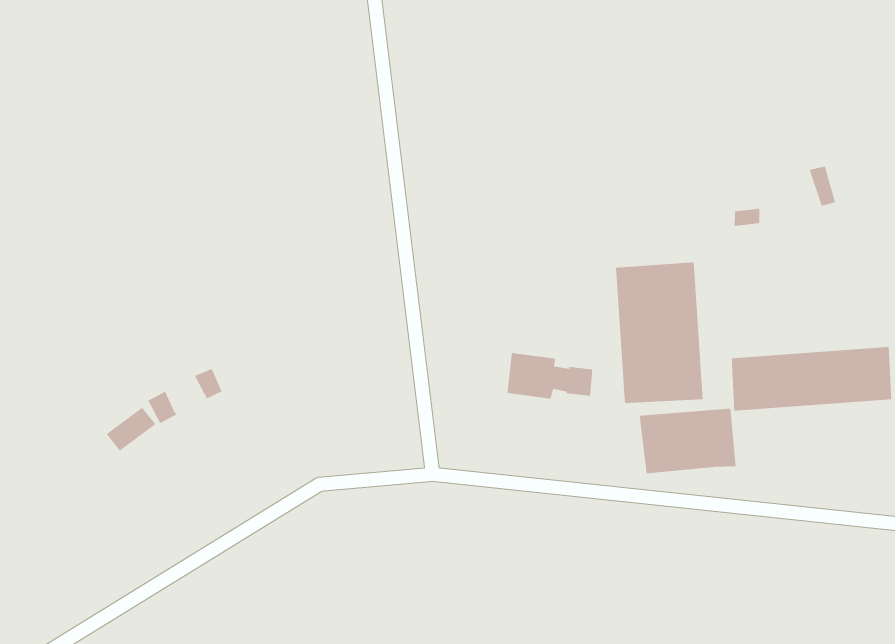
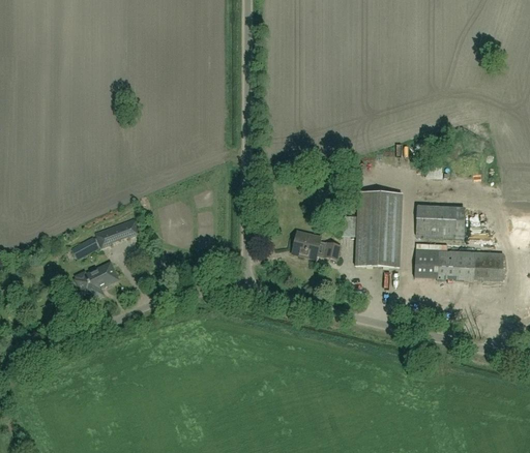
building: [639,408,737,474] -> [416,205,467,239]
building: none -> [77,262,118,301]

